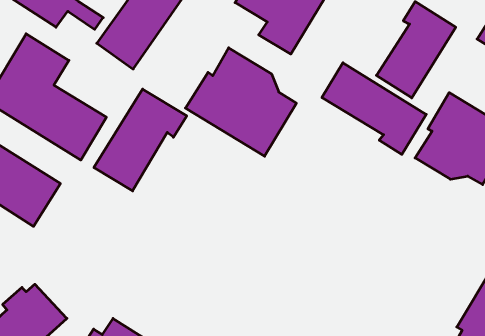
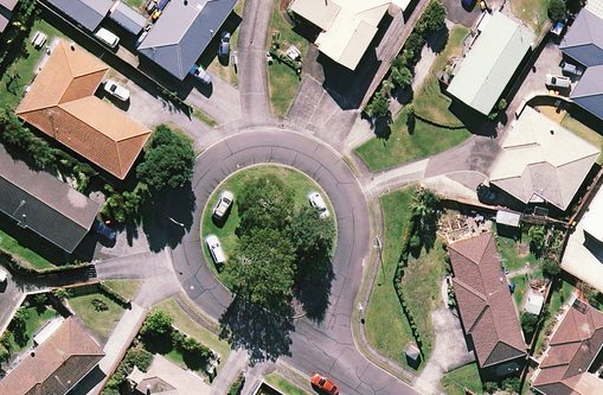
building: [185,48,296,156] -> none
building: [322,63,426,154] -> none
building: [94,89,187,191] -> none
building: none -> [449,231,527,363]

